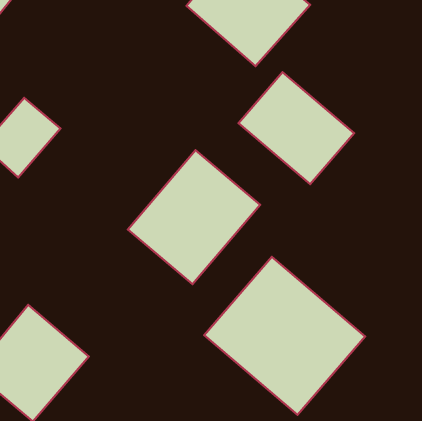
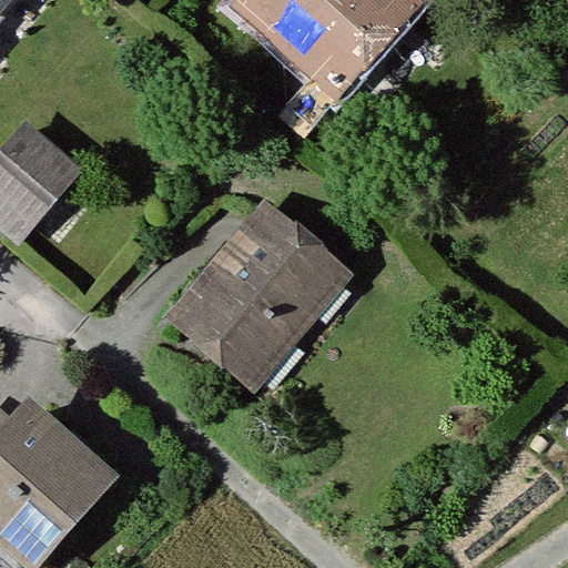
building: [238,72,354,184] -> none
building: [204,257,365,415] -> none

